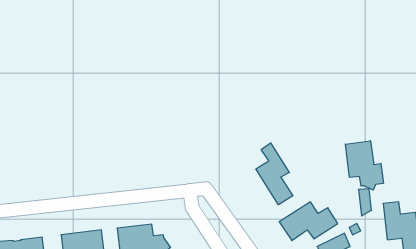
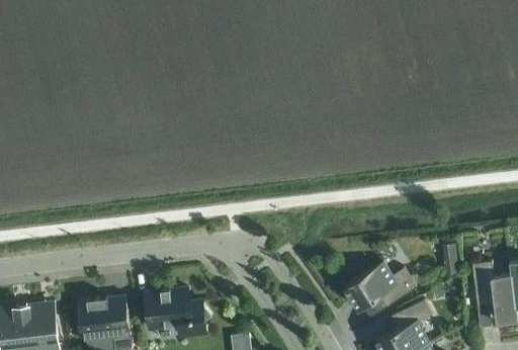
building: [345,141,383,190] -> none
building: [256,143,293,205] -> none

